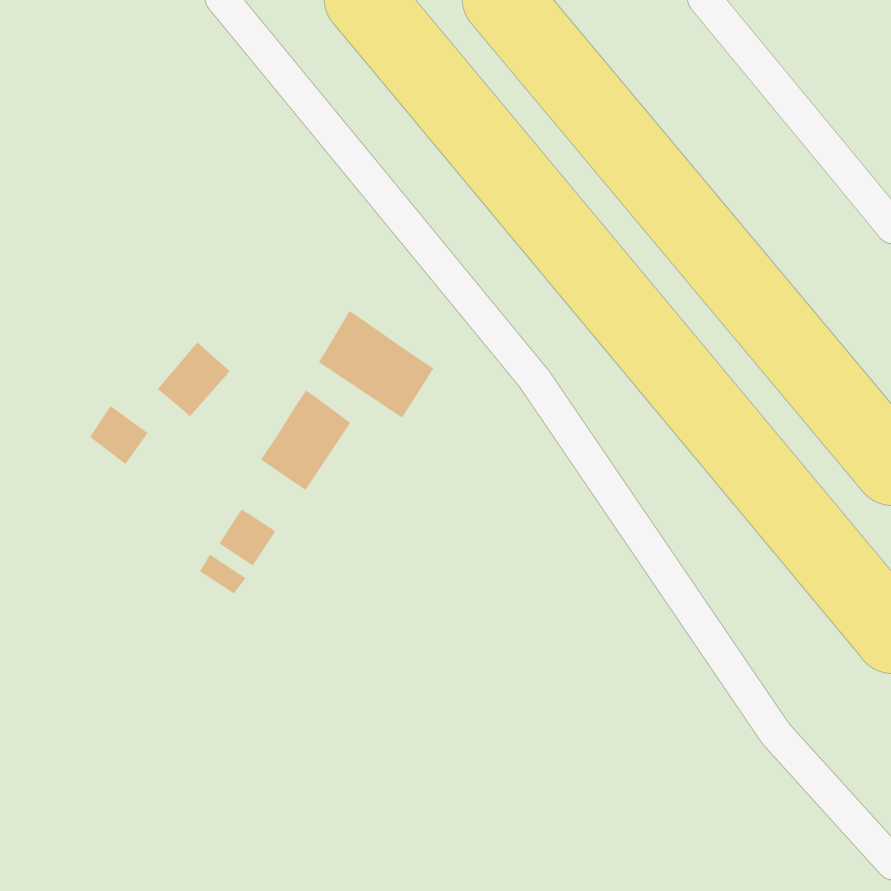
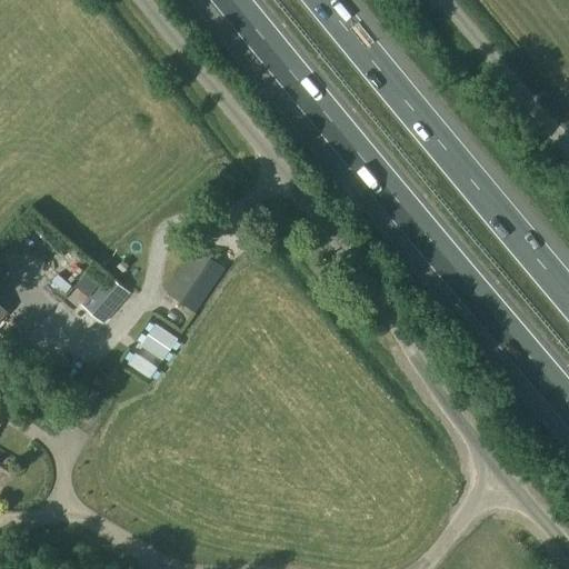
building: [318,310,434,418] -> none
building: [157,342,230,417] -> [82,274,129,322]

